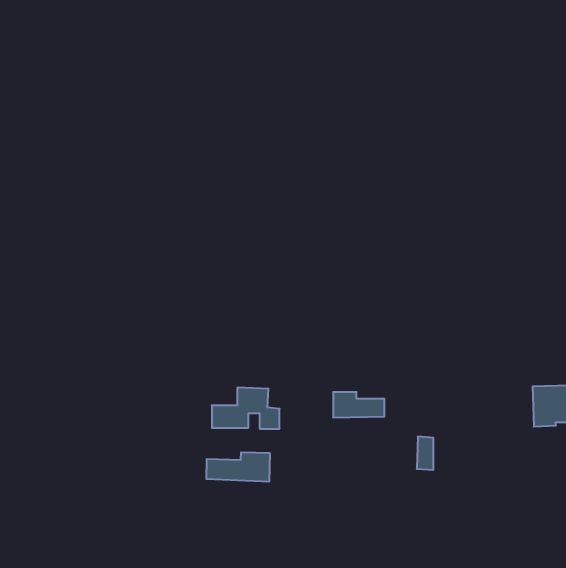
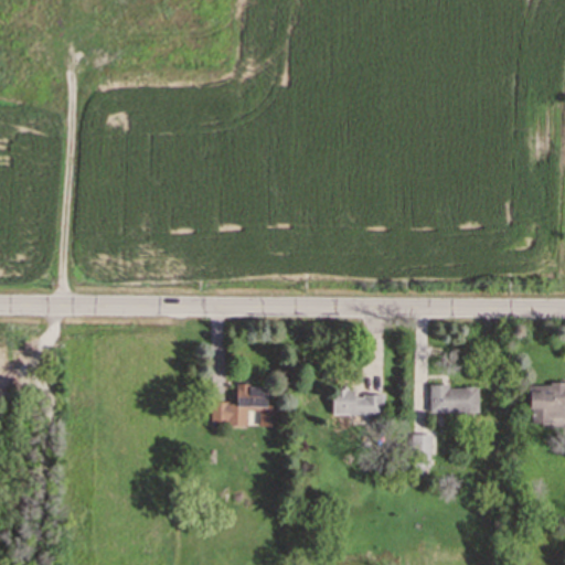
building: none -> [431,386,480,413]
building: [206,452,270,482] -> none

